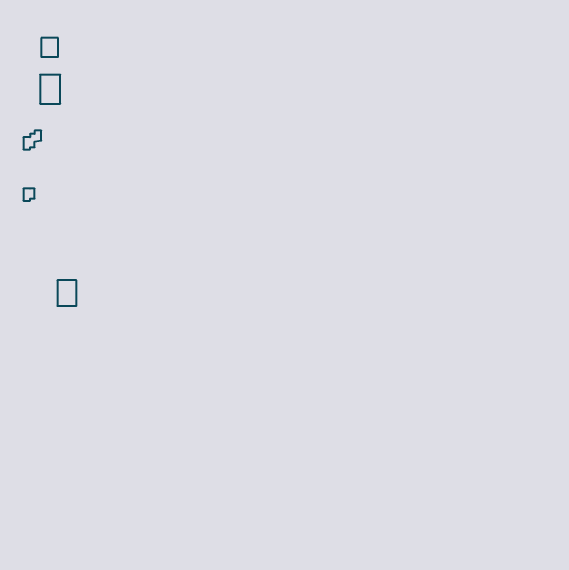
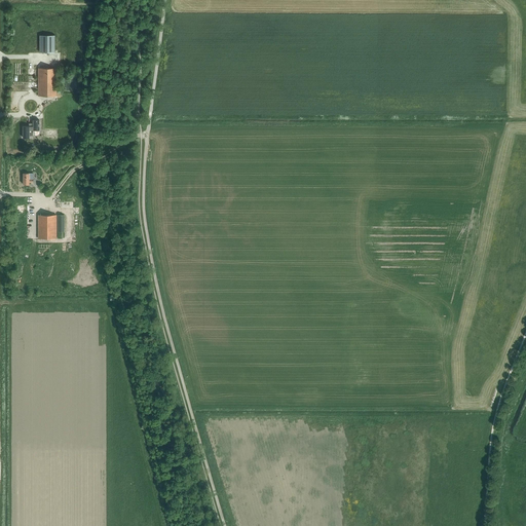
building: [57,280,76,306] -> [37,215,54,238]

